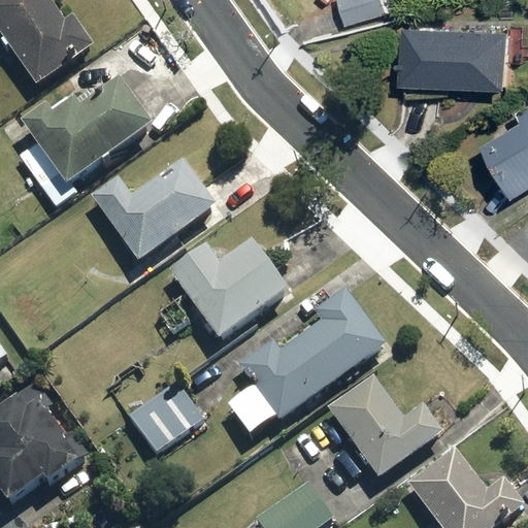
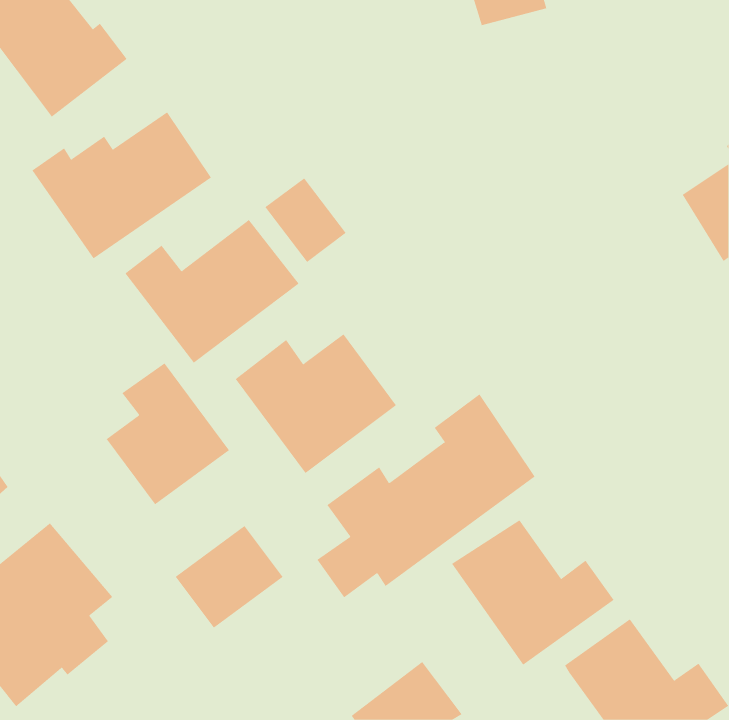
building: [404,16,518,81] -> none
building: none -> [264,177,347,263]
building: none -> [106,362,230,505]

